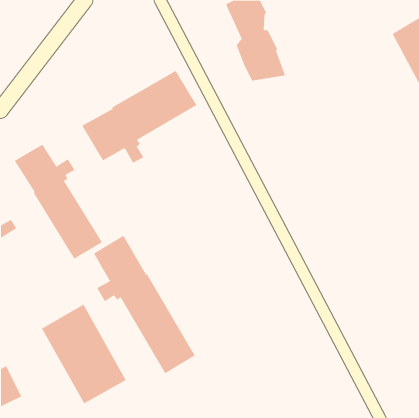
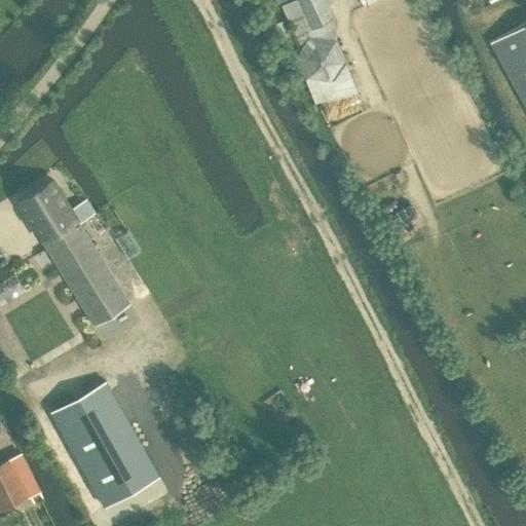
building: [82,70,197,164] -> none
building: [93,235,195,374] -> none

